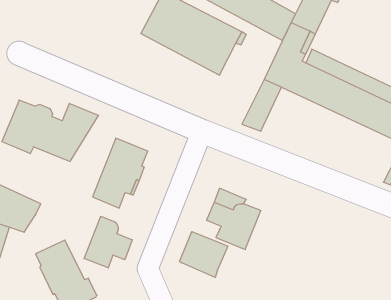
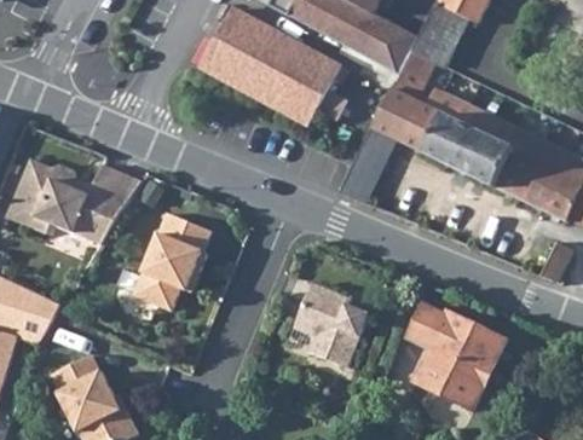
building: none -> [408,305,504,409]
building: [84,216,132,268] -> none
building: [179,232,228,277] -> none

